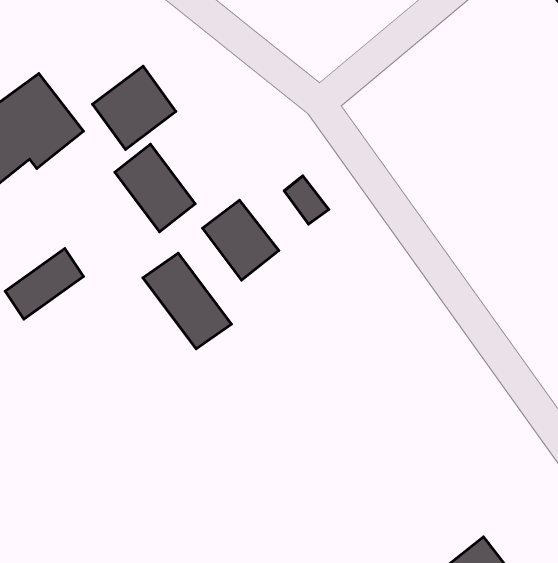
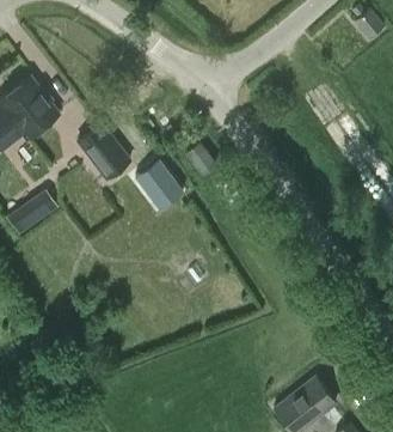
building: [93,66,176,150] -> none
building: [143,253,231,349] -> none

